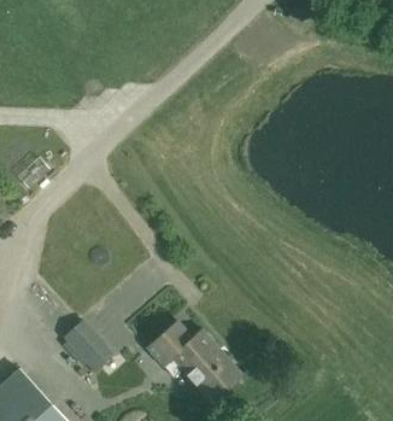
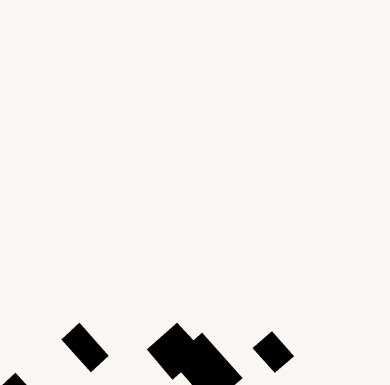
building: none -> [251,330,295,374]

